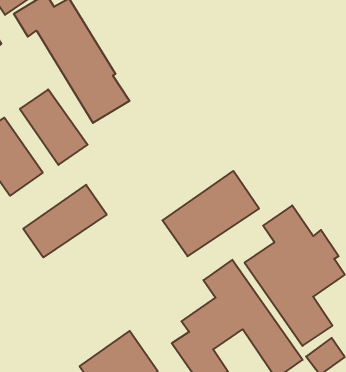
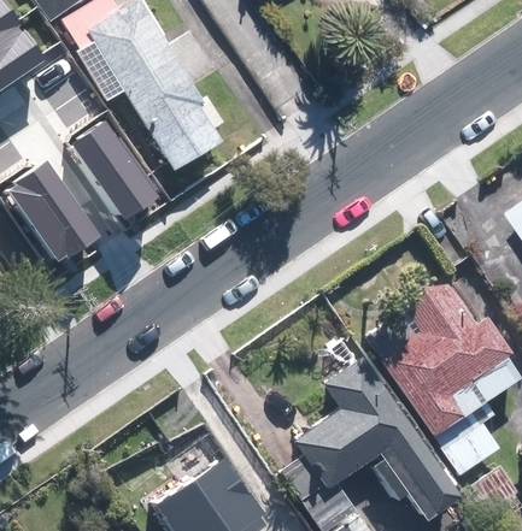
building: [162,171,259,256] -> none
building: [23,185,107,257] -> none

